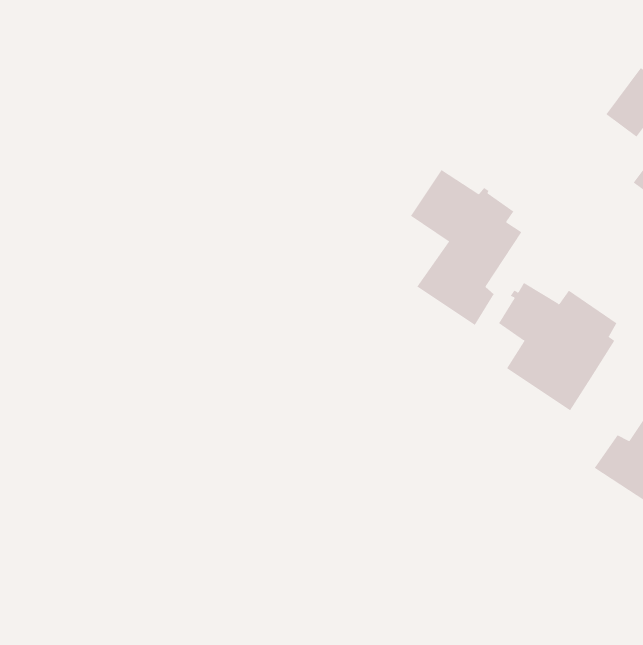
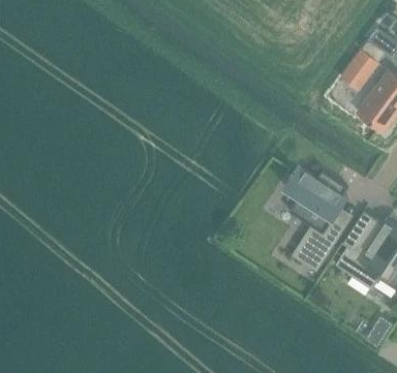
building: [410,169,522,326] -> none
building: none -> [302,216,346,268]

